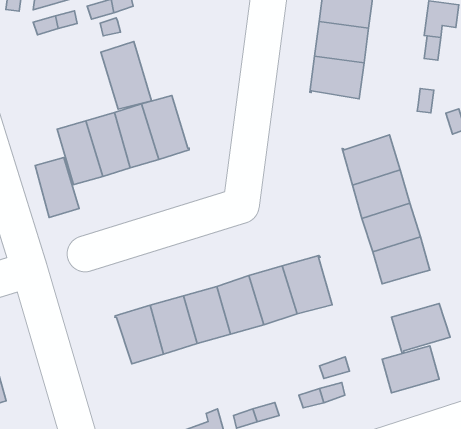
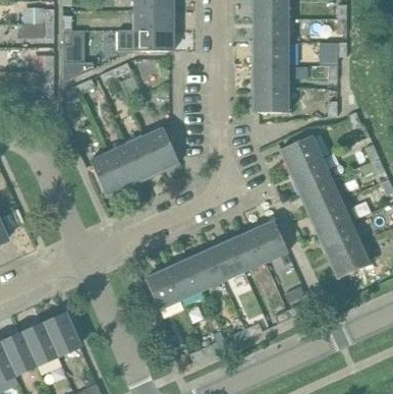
building: [101,41,152,109] -> none
building: [35,158,79,217] -> none
building: [382,346,439,393] -> [320,220,359,255]

